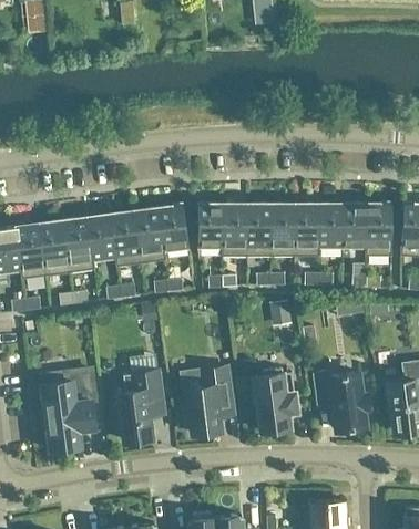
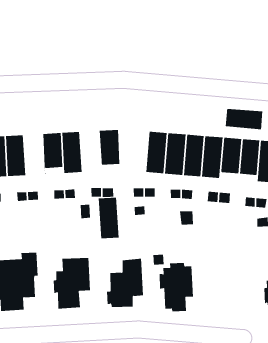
building: none -> [219,108,263,130]
building: [197,203,222,248] -> none
building: [133,207,165,262] -> [98,197,120,239]
building: [61,217,92,272] -> none
building: [311,370,368,429] -> none

